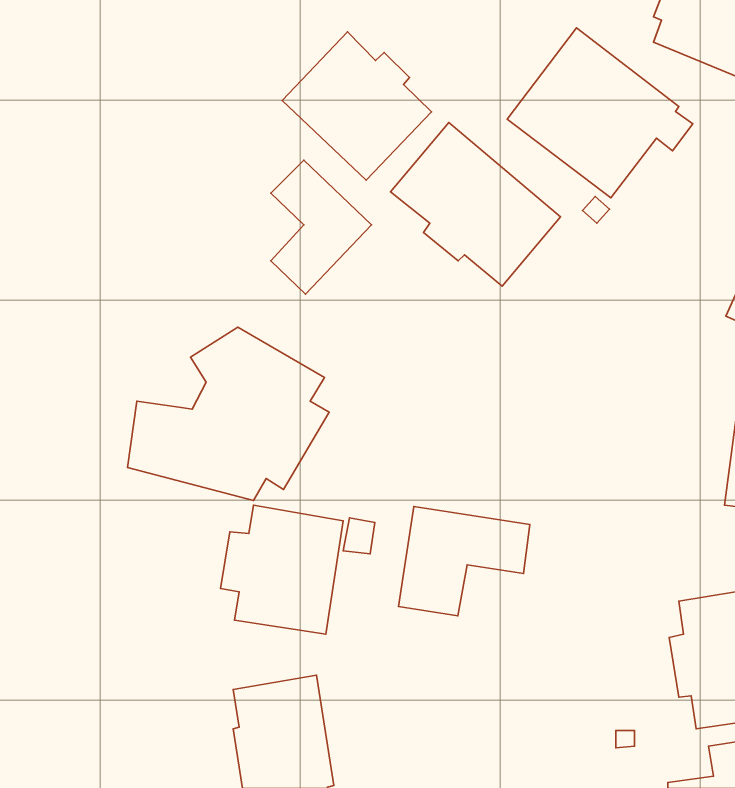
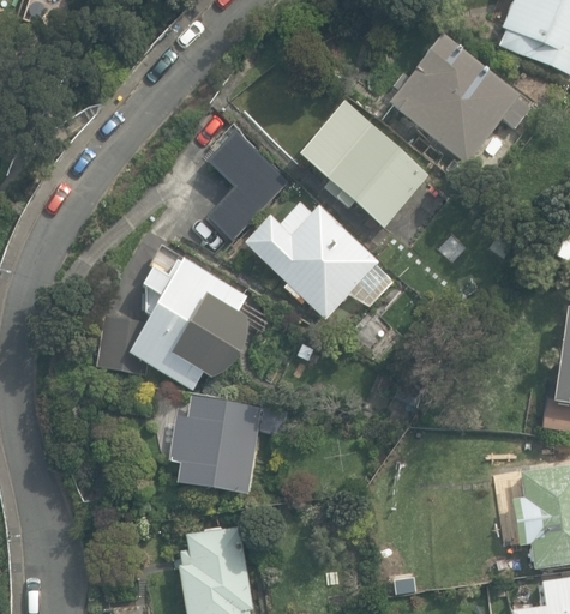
building: [282,32,432,180] -> none
building: none -> [245,200,392,317]
building: [398,506,530,616] -> none

